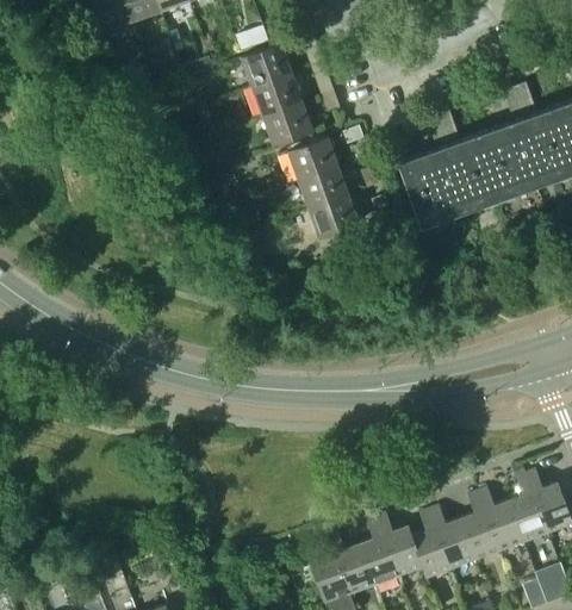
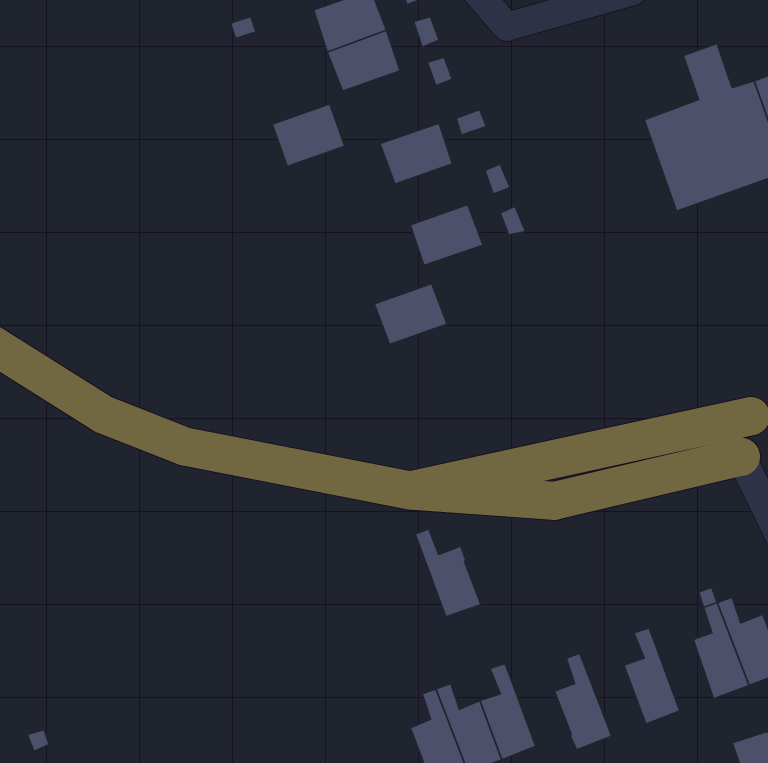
building: [262,101,313,145] -> [272,104,345,166]
building: [397,111,497,228] -> none
building: [299,167,350,210] -> [374,284,447,345]
building: [478,490,523,552] -> none
building: [429,508,475,569] -> none
building: [377,515,423,577] -> [415,529,481,617]

